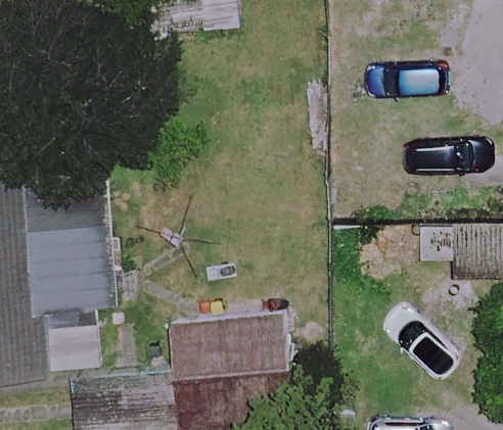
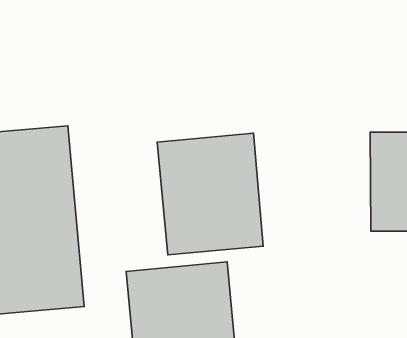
building: none -> [157,133,263,255]

